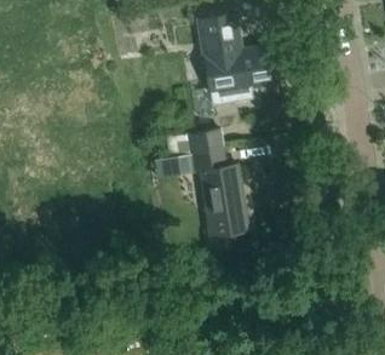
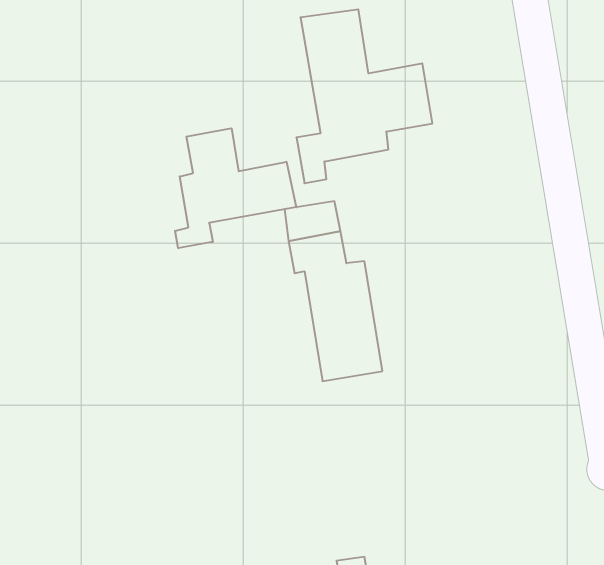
building: none -> [175,128,296,248]

